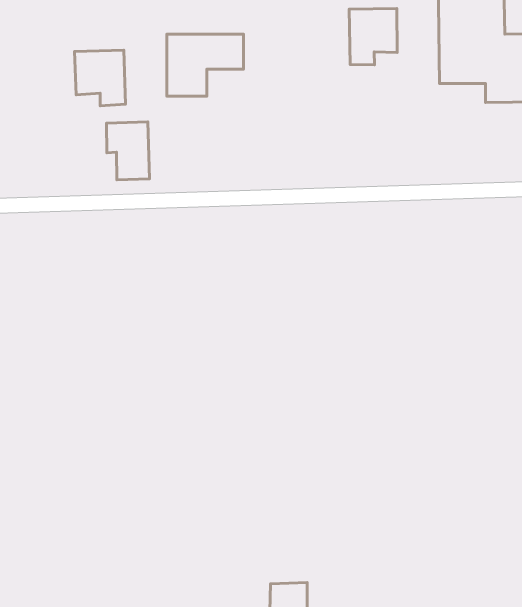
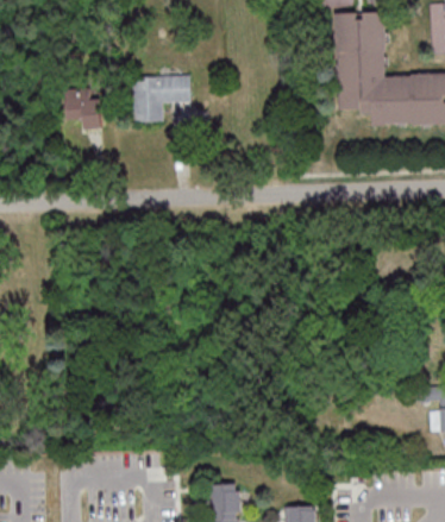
building: [349,9,397,65] -> none
building: [107,122,150,180] -> none

